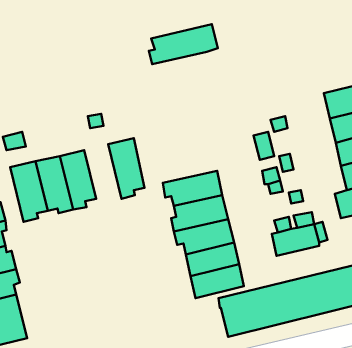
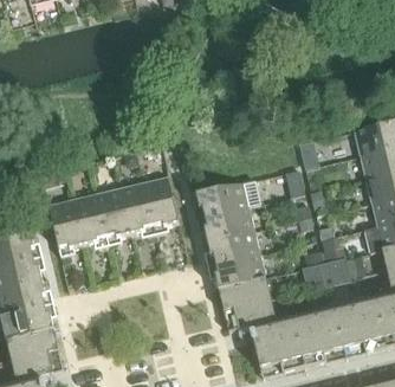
building: [149,24,218,64] -> [193,178,260,217]
building: none -> [119,179,156,236]

